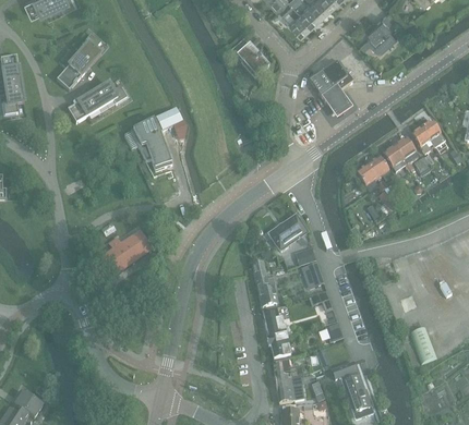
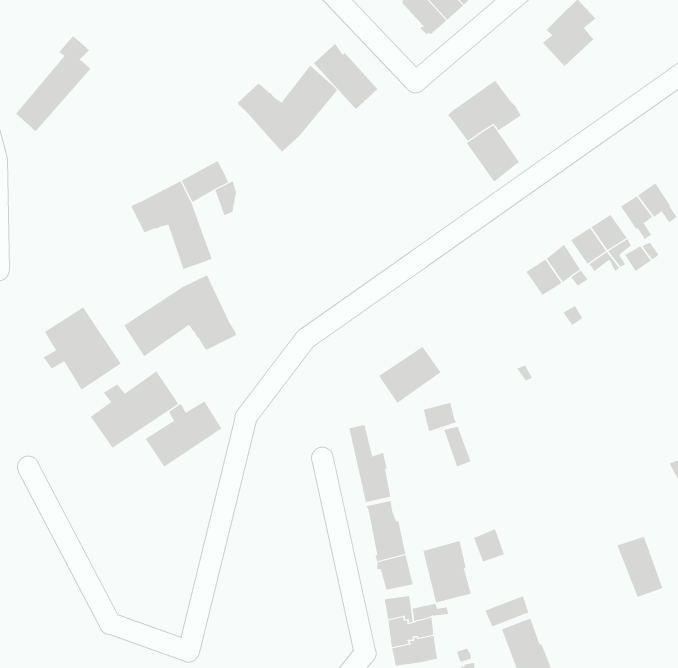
building: none -> [237,65,338,152]
building: [68,85,127,124] -> none
building: none -> [124,274,237,357]
building: none -> [43,306,122,391]
building: none -> [145,400,222,467]
building: none -> [423,540,471,603]

